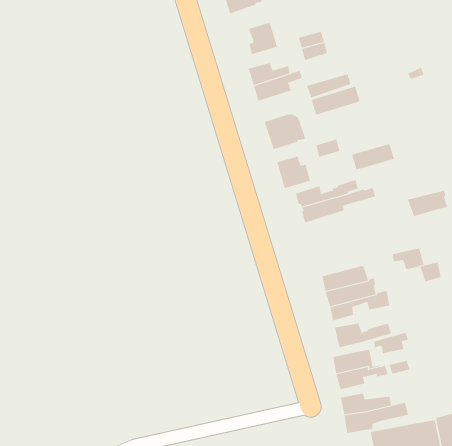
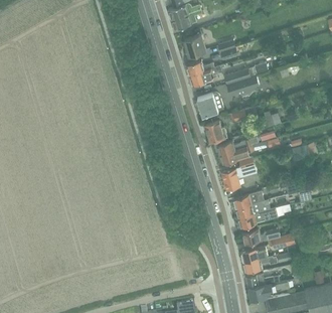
building: none -> [221,156,257,189]

